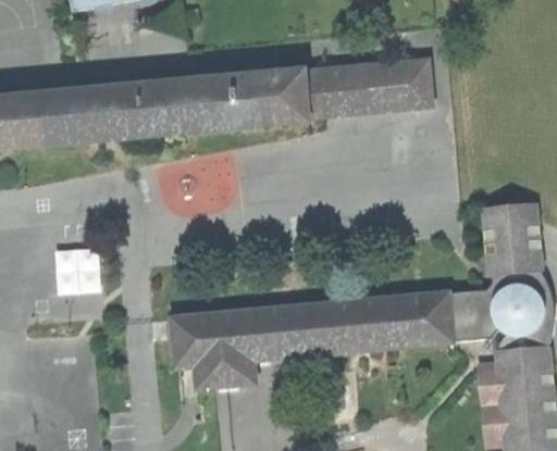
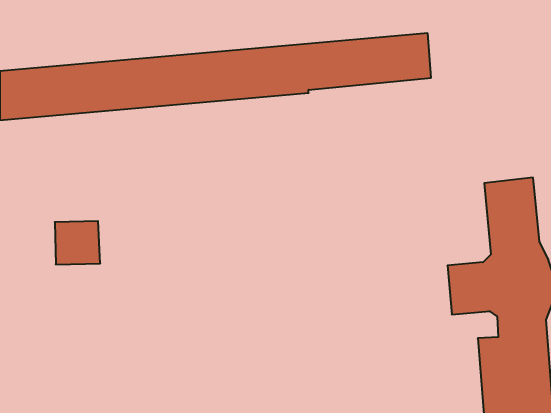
building: [174,292,454,385] -> none

